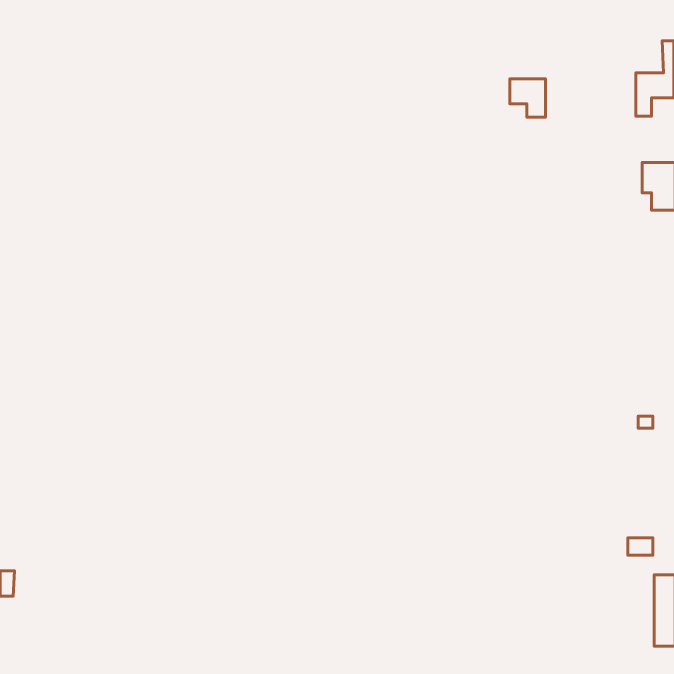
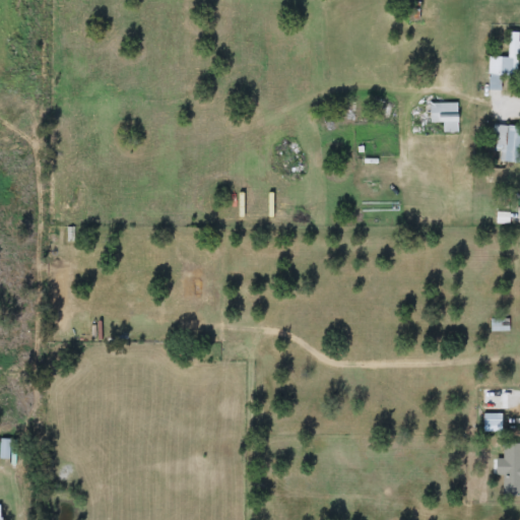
building: [510,79,545,117] -> [431,102,458,131]

